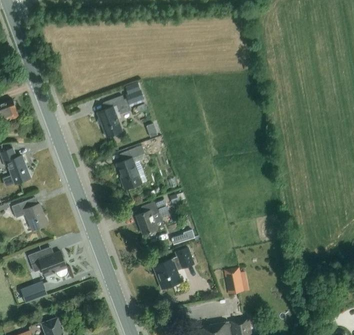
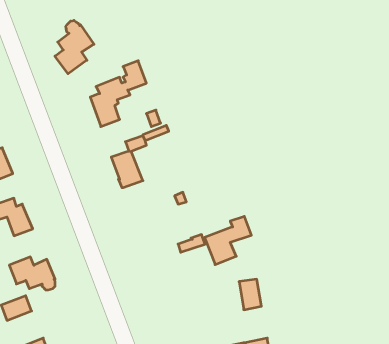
building: none -> [55,20,94,74]
building: [136,198,168,234] -> none
building: [154,247,194,288] -> [205,216,251,265]

